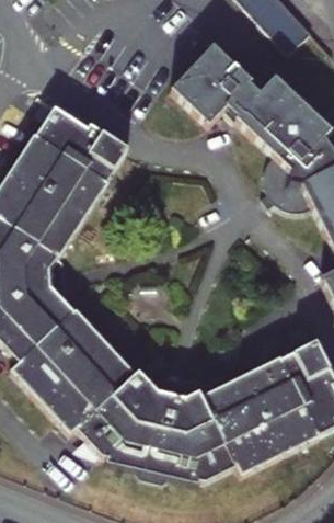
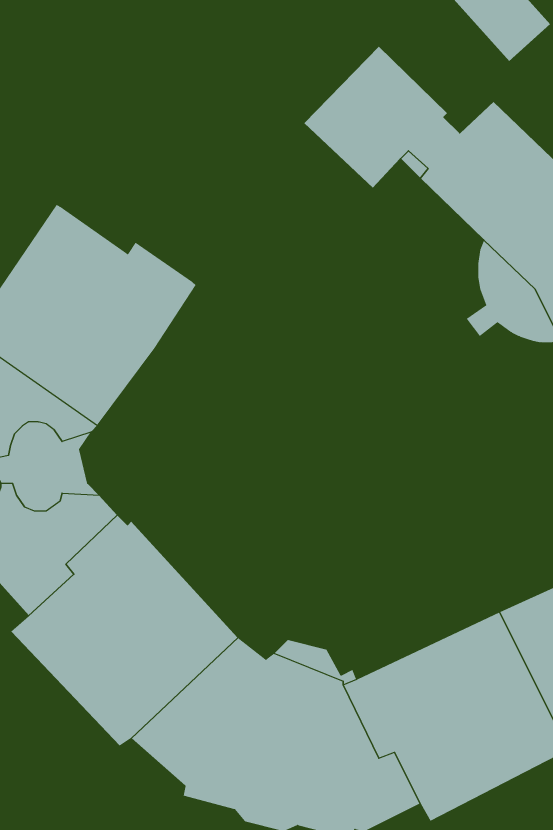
building: [37,103,128,172] -> none

